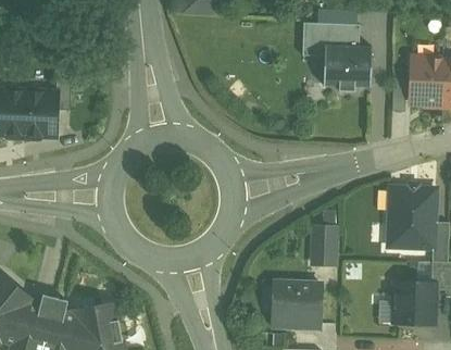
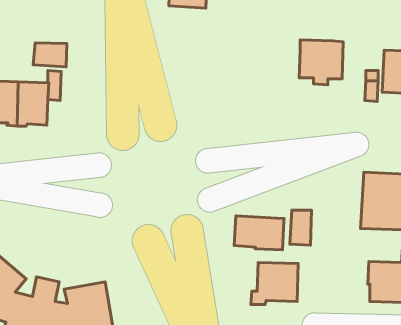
building: [300,23,358,57] -> none
building: none -> [33,43,67,67]
building: none -> [234,216,284,250]

